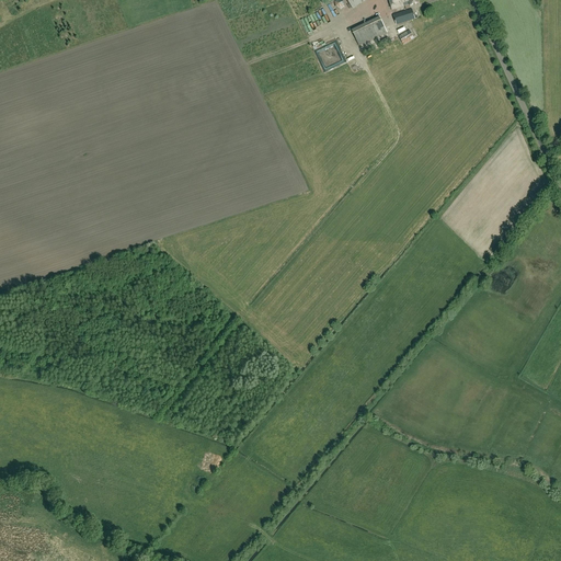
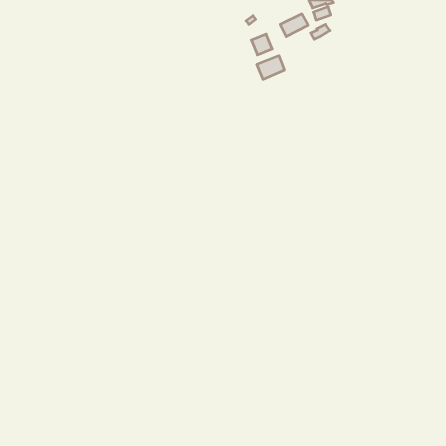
building: none -> [257,56,284,79]

